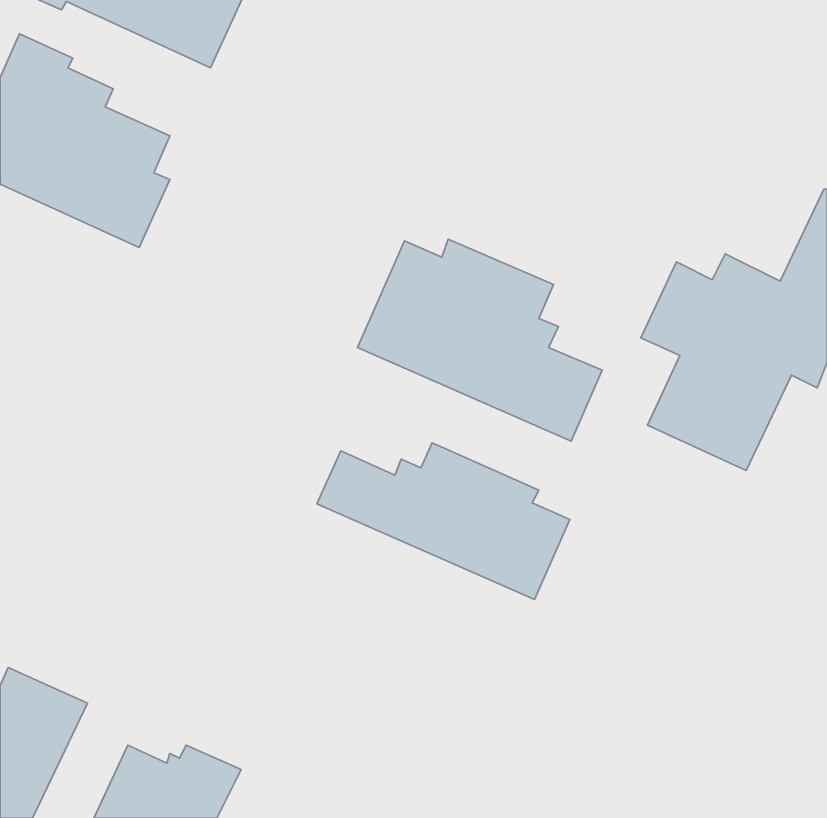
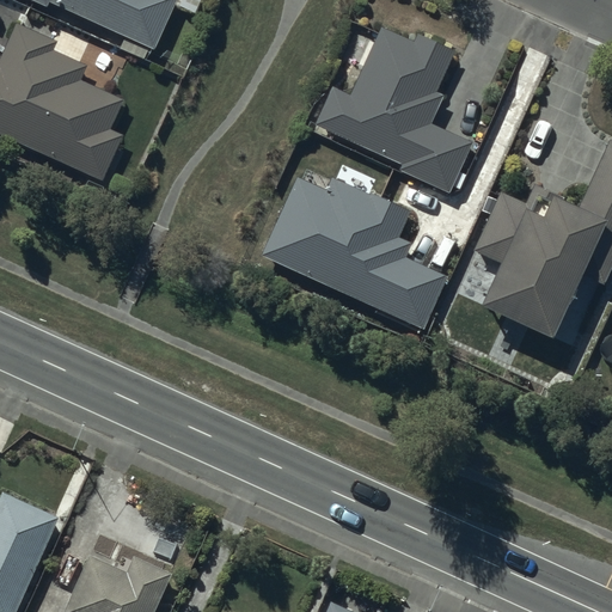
building: none -> [316,29,478,196]
building: [317,443,570,599] -> none

